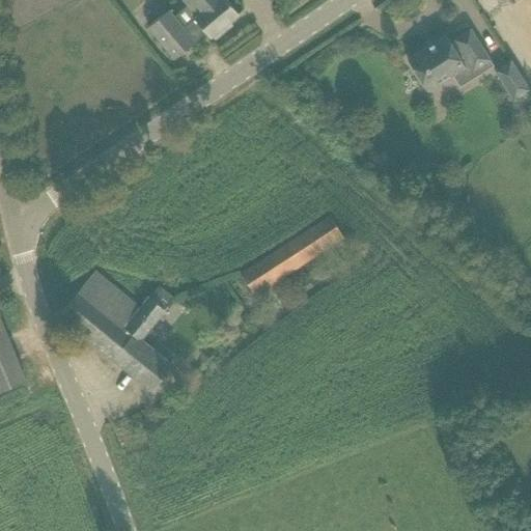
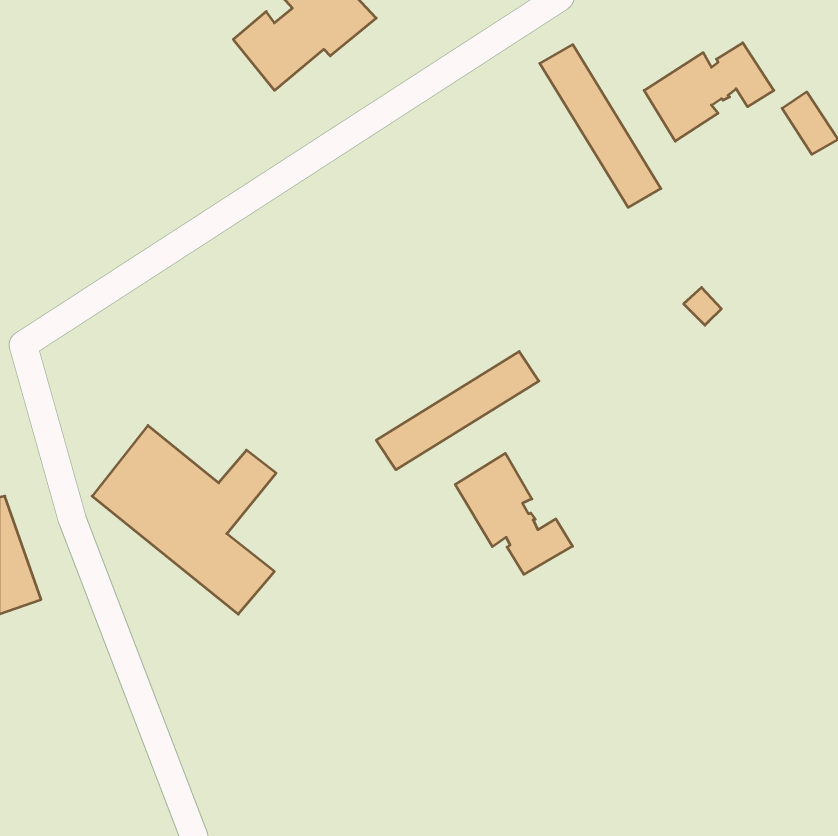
building: none -> [540,45,661,207]
building: none -> [455,453,573,574]

